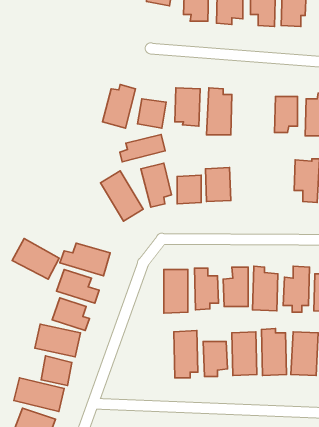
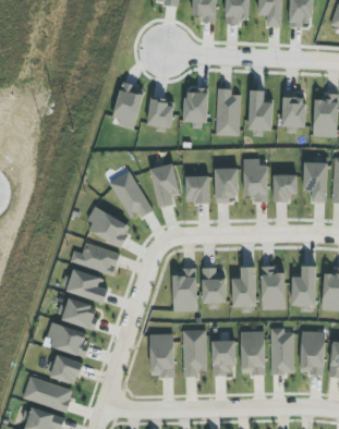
building: none -> [249,90,273,136]
building: [120,135,165,162] -> none
building: none -> [243,159,268,203]
building: none -> [273,174,296,201]
building: [12,239,59,279] -> [84,207,131,247]
building: none -> [149,334,174,377]

